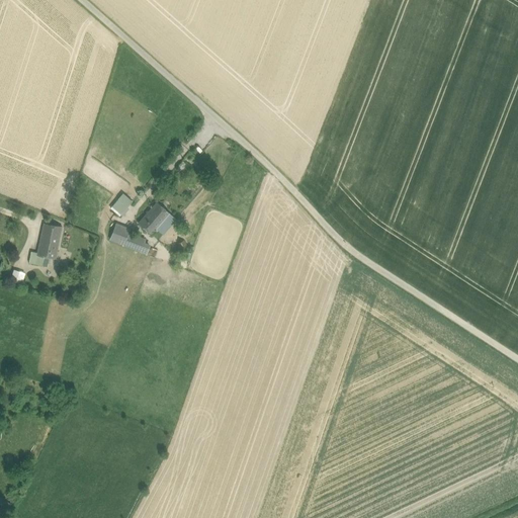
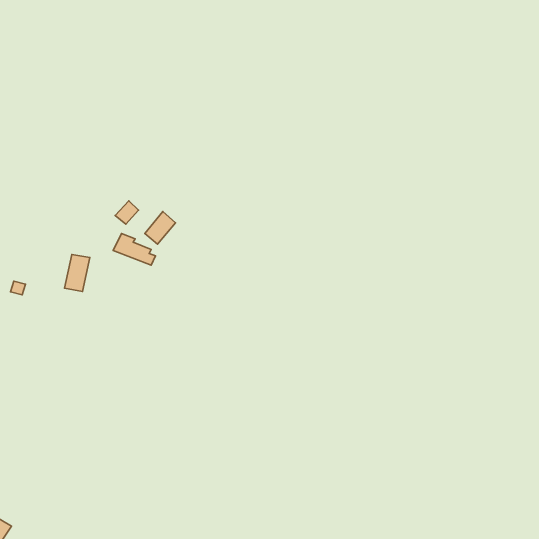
building: [36,225,61,260] -> [65,254,90,291]

